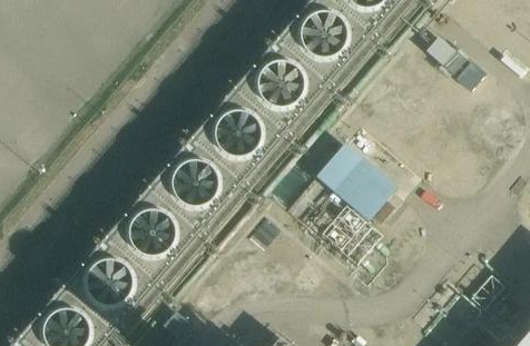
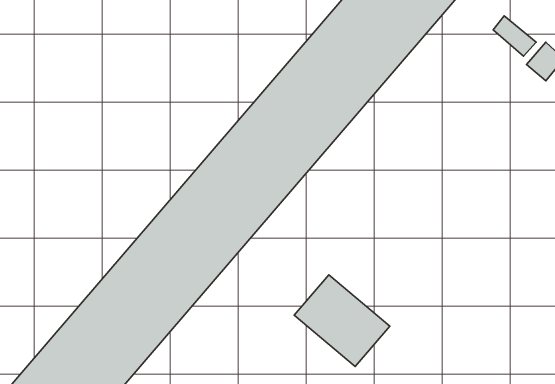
building: [320,152,396,226] -> [294,275,390,366]

